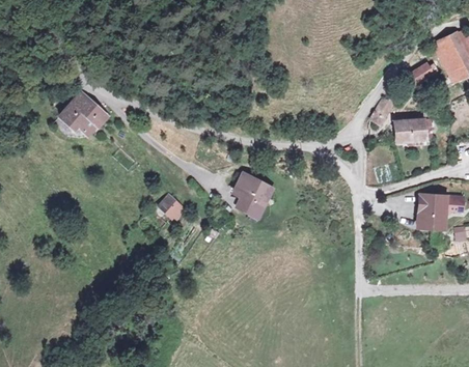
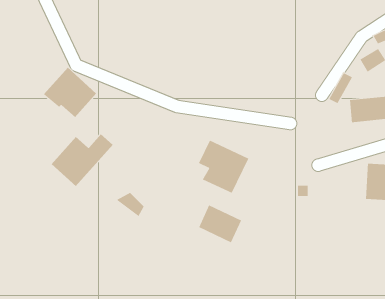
building: none -> [51,133,114,187]
building: [154,193,185,220] -> [116,192,144,217]
building: none -> [198,204,242,243]

